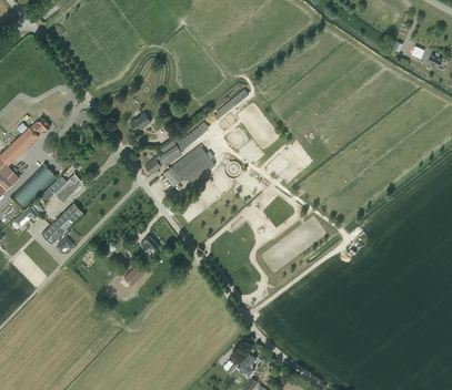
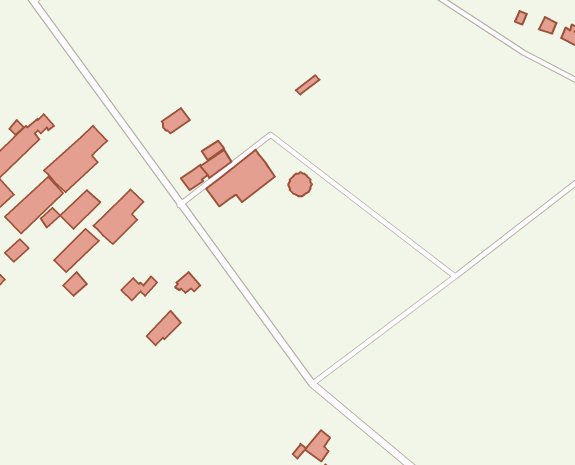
building: none -> [44,126,107,192]
building: none -> [93,189,143,244]

